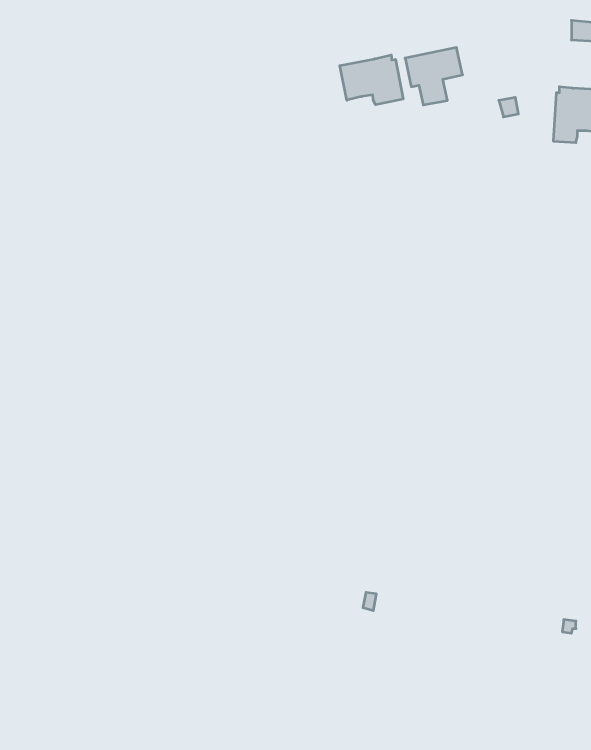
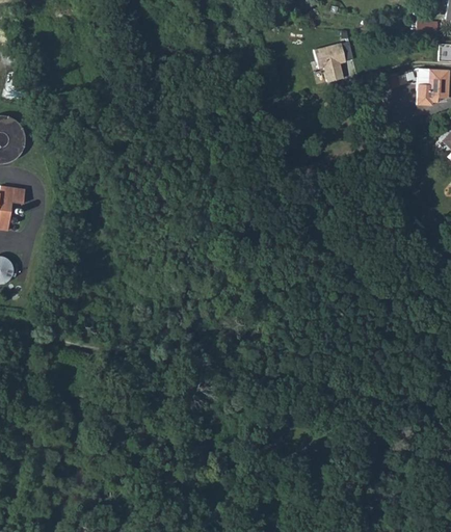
building: [340,55,403,105] -> none

